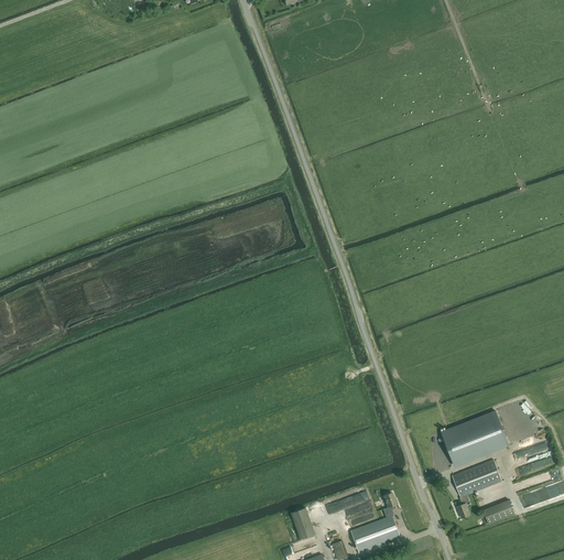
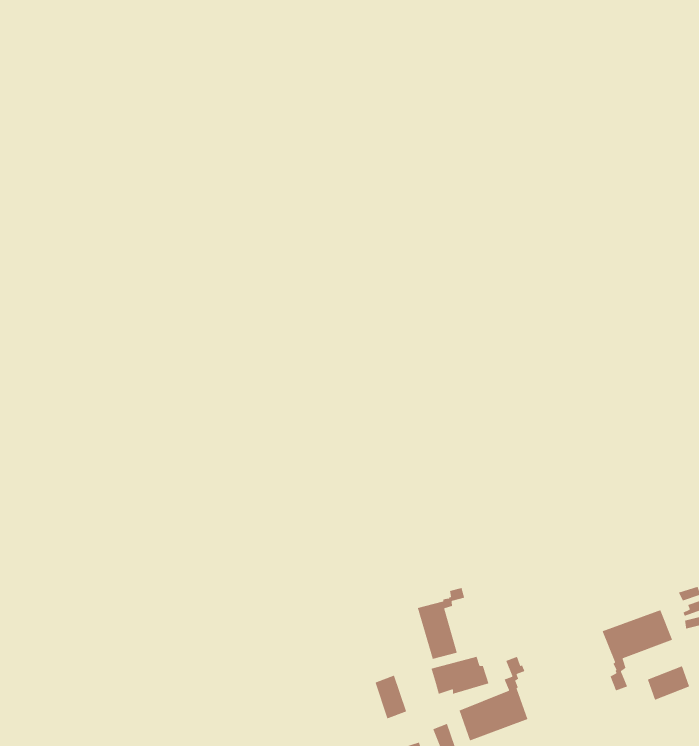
building: [441,410,509,465] -> none
building: none -> [417,587,465,660]

